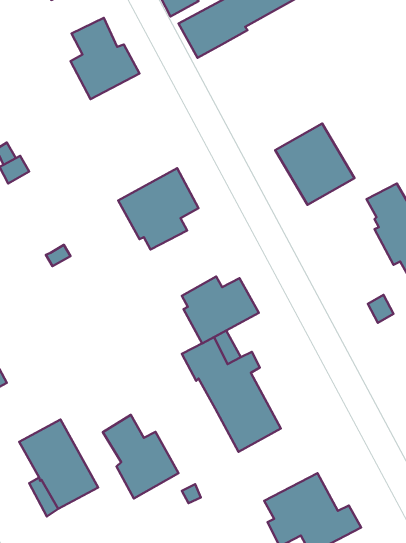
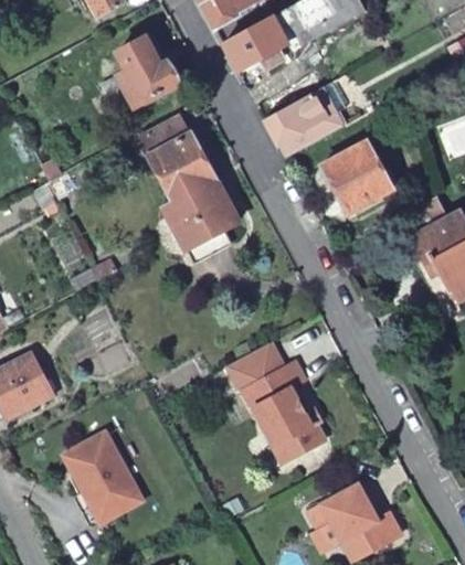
building: none -> [263,92,344,156]
building: none -> [139,111,221,213]
building: [182,276,259,343] -> none
building: [103,415,178,498] -> none

